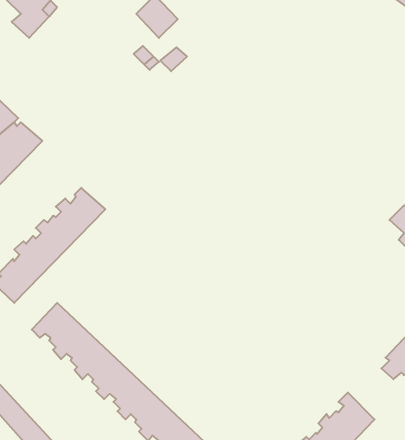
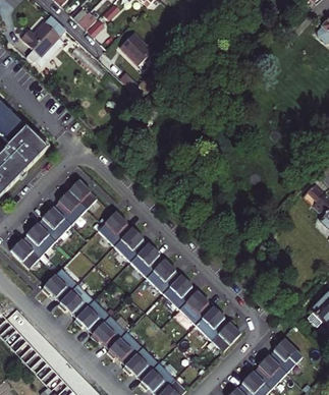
building: none -> [97,210,238,349]

